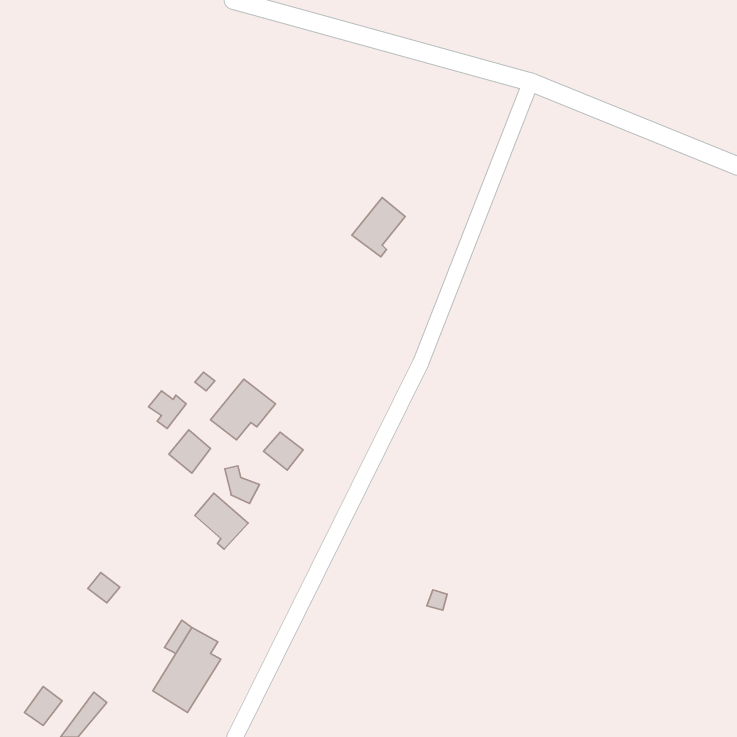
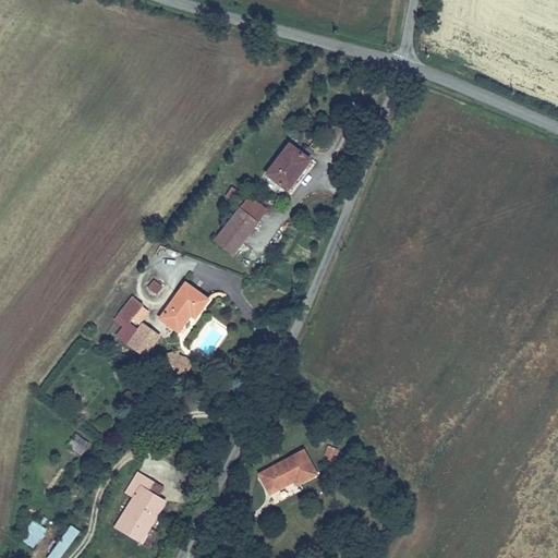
building: none -> [217,202,266,255]
building: [264,432,303,470] -> none
building: [195,493,248,549] -> none
building: none -> [257,447,318,492]

